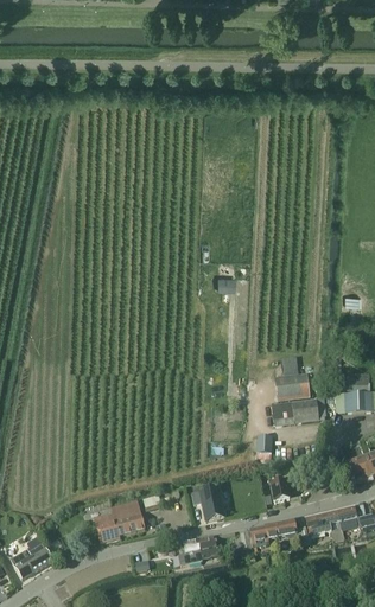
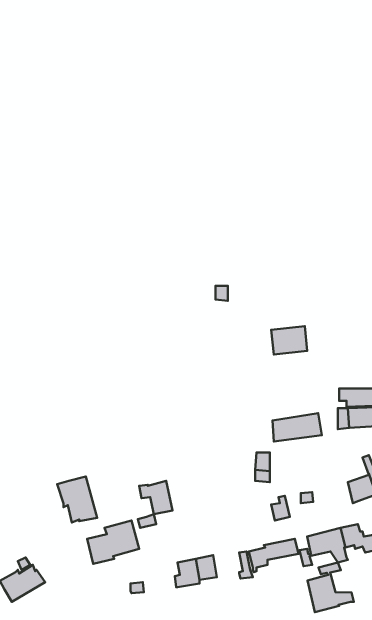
building: [274,373,309,401] -> [271,326,307,354]
building: none -> [57,476,97,523]
building: [191,487,223,519] -> [139,481,172,514]
building: none -> [307,562,354,612]

